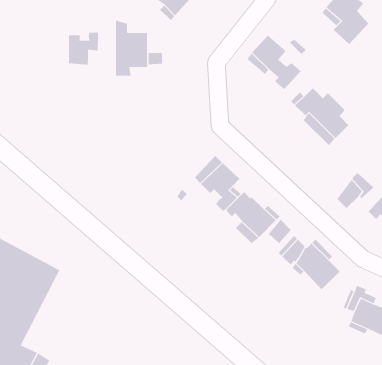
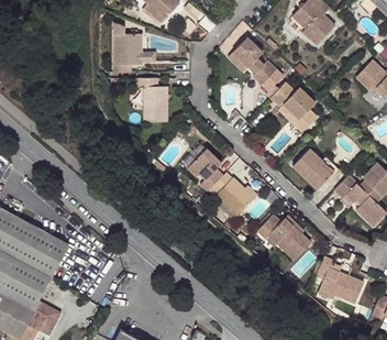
building: [68,32,99,65] -> none
building: none -> [139,78,167,122]
building: none -> [292,147,321,179]

